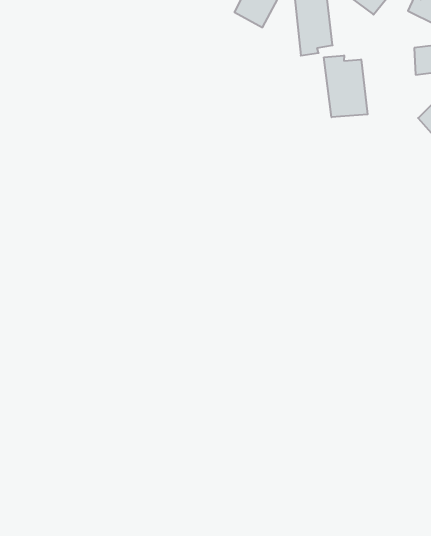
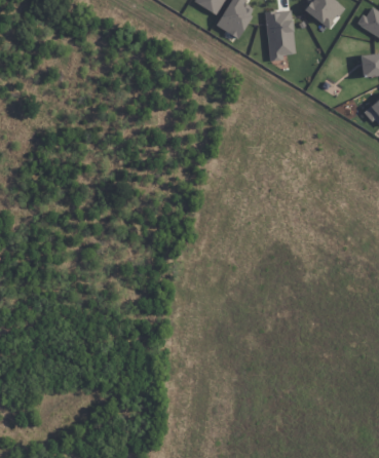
building: [324,55,368,117] -> none

